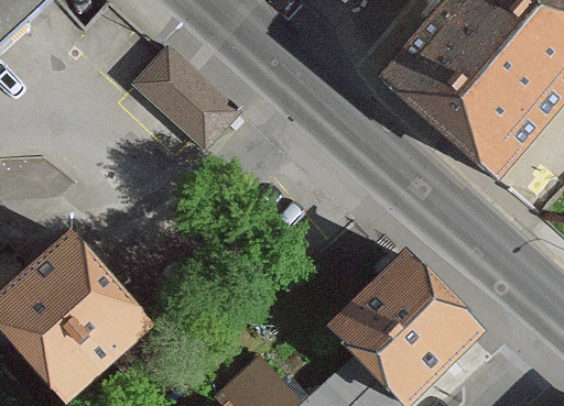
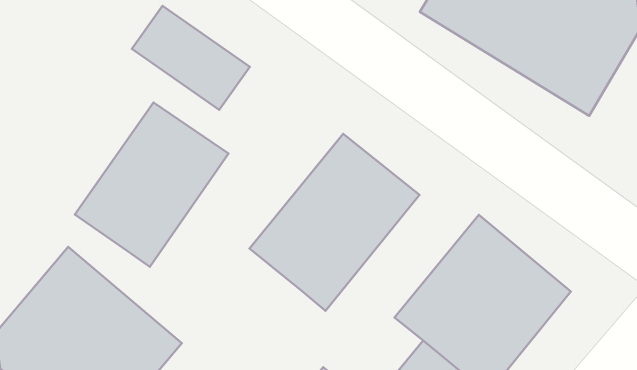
building: none -> [75,103,228,267]
building: none -> [249,134,419,311]

